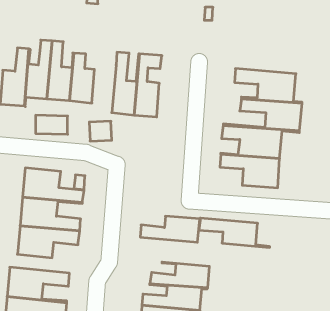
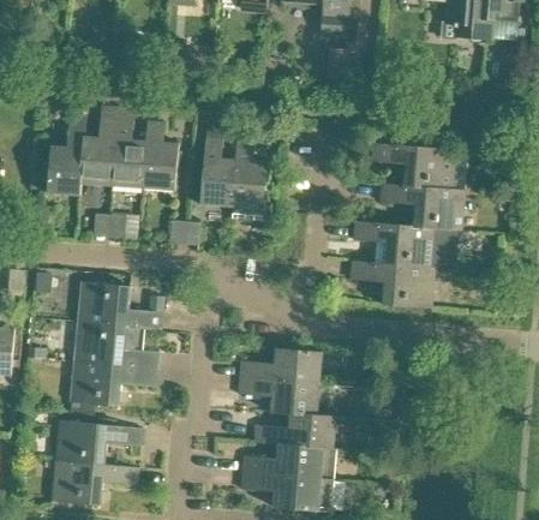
building: [199,218,270,247] -> [238,377,336,418]

